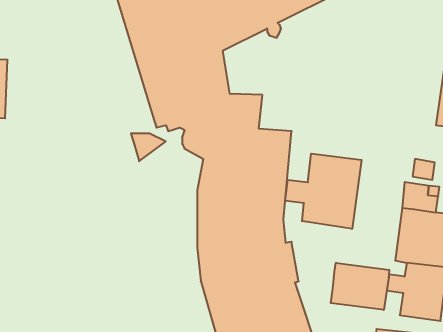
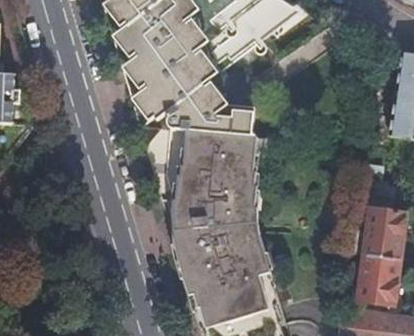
building: [285,154,362,229] -> none
building: [331,263,389,310] -> none

